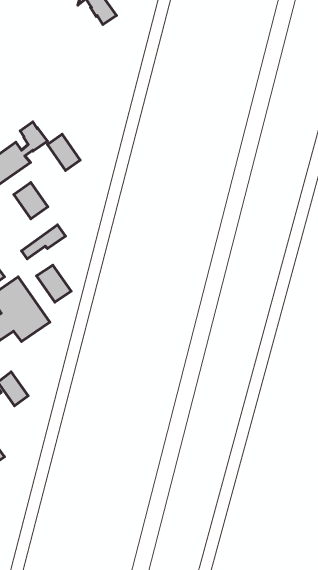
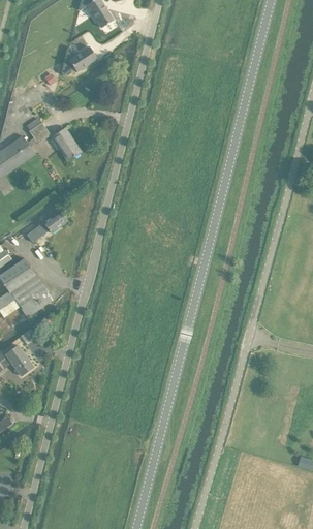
building: none -> [61,46,97,75]
building: [14,183,48,219] -> none
building: [37,265,71,302] -> none

